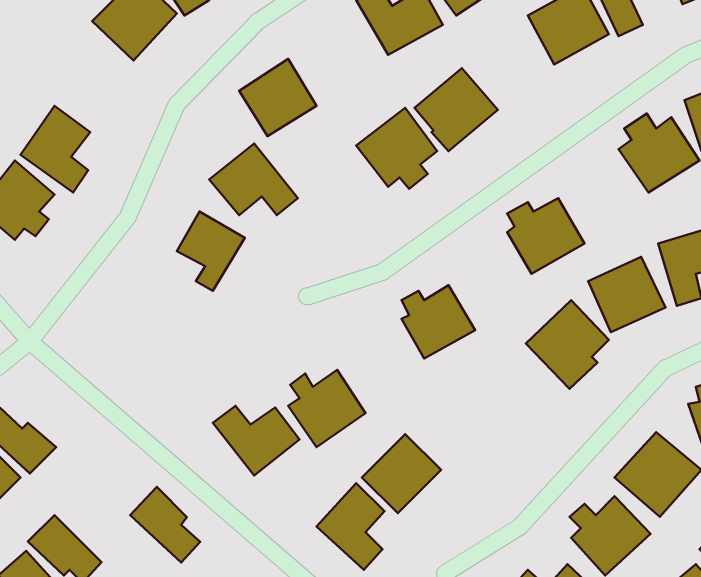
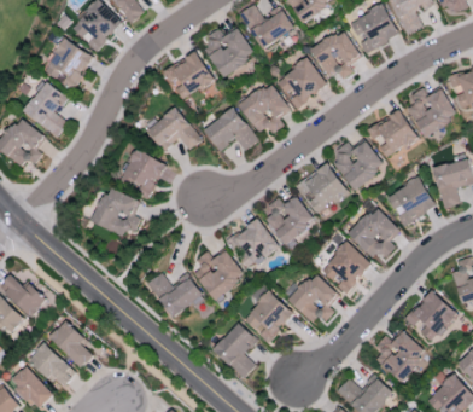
building: none -> [204,28,253,76]
building: none -> [310,30,360,79]
building: none -> [43,39,93,89]
building: none -> [204,109,256,151]
building: none -> [367,110,416,157]
building: none -> [294,162,348,215]
building: none -> [92,187,140,238]
building: none -> [226,219,278,269]
building: none -> [320,242,370,294]
building: none -> [287,272,338,323]
building: [130,487,200,562] -> [48,320,93,369]

